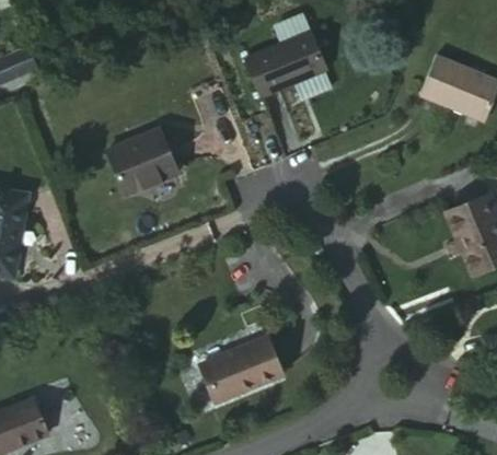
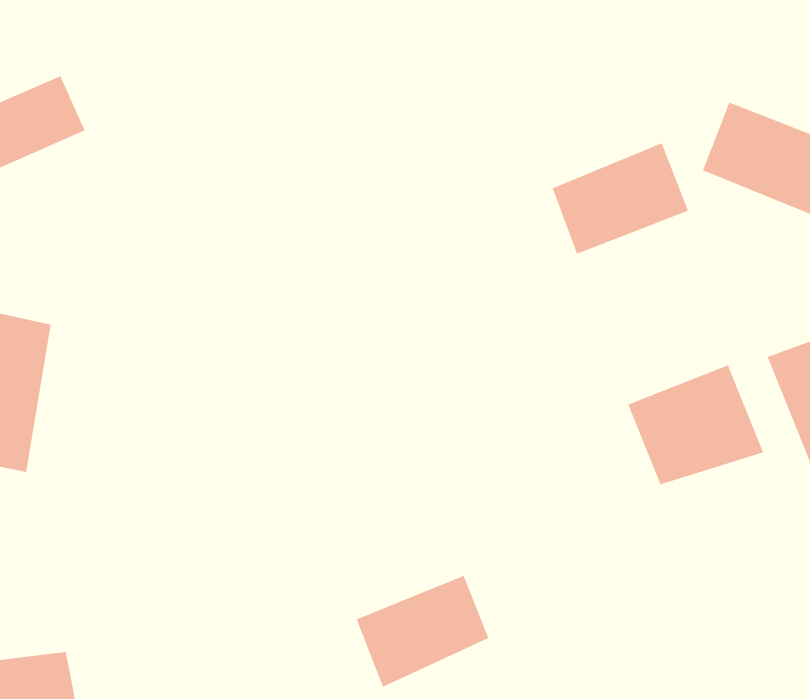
building: [247,31,326,95] -> [552,142,689,255]
building: [106,127,176,194] -> none
building: none -> [627,365,764,485]

